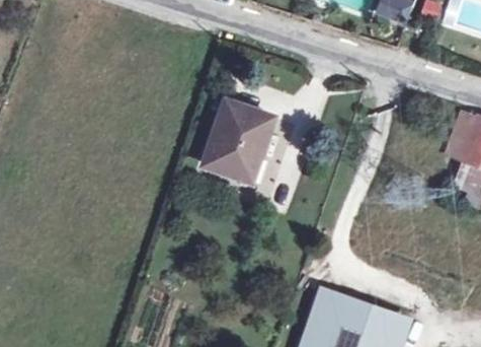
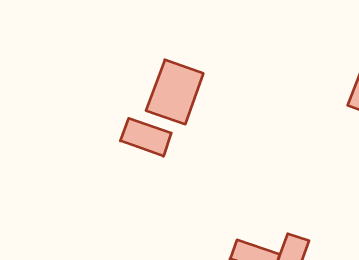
building: none -> [120,118,171,156]
building: [314,291,374,334] -> none

